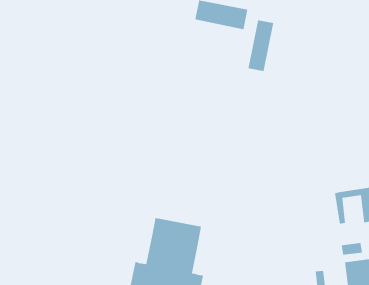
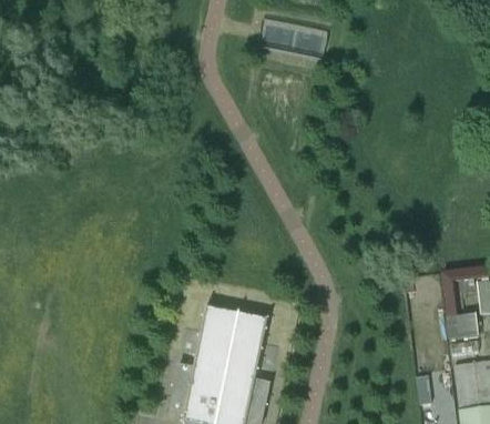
building: [248,19,274,72] -> none
building: none -> [448,315,479,340]

